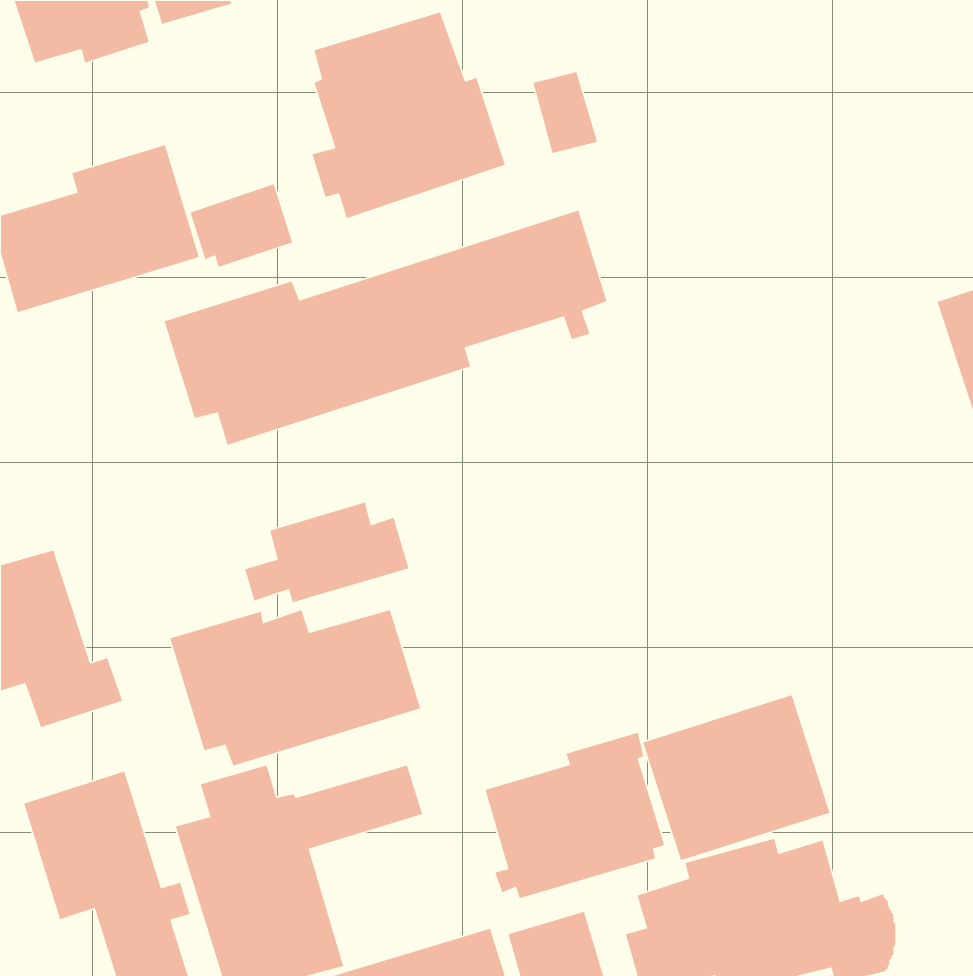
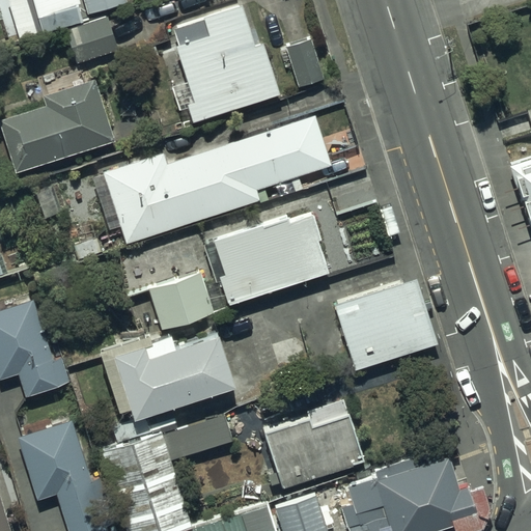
building: [189,183,293,268] -> [65,20,121,65]
building: none -> [206,215,328,303]
building: [642,694,831,861] -> [334,279,436,369]

